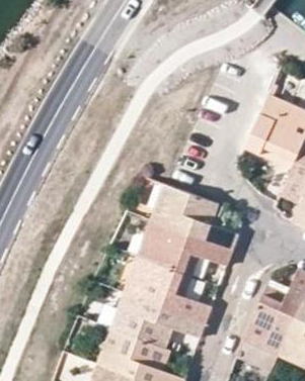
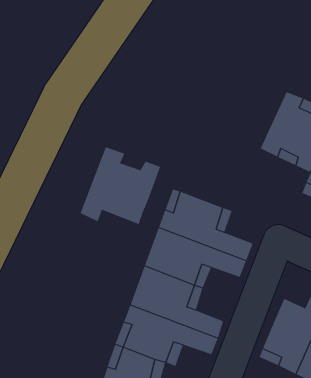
building: none -> [80,146,161,225]

